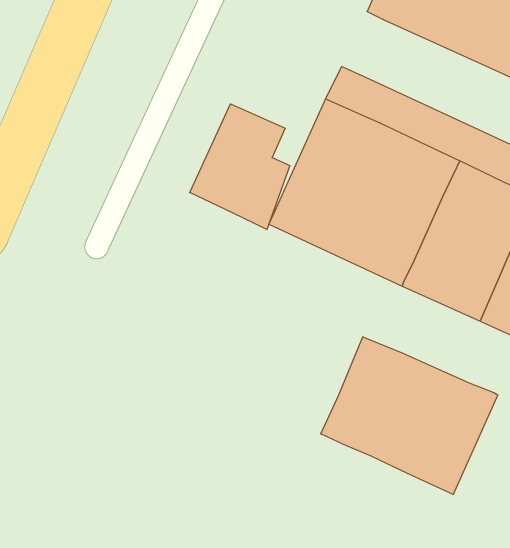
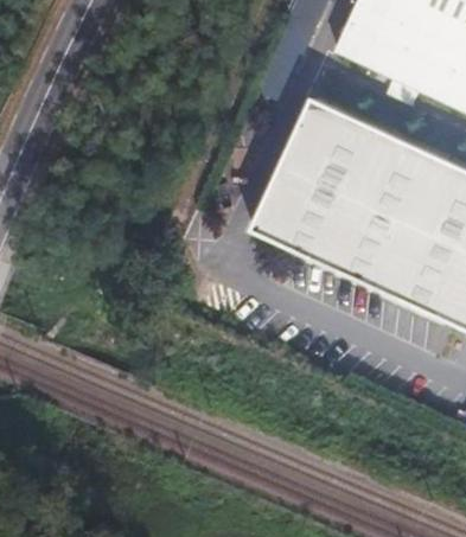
building: [190,104,290,230] -> none
building: [321,337,498,495] -> none

